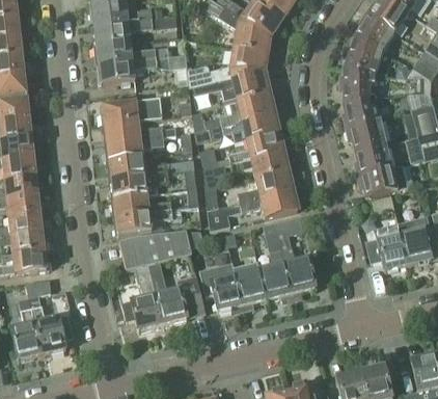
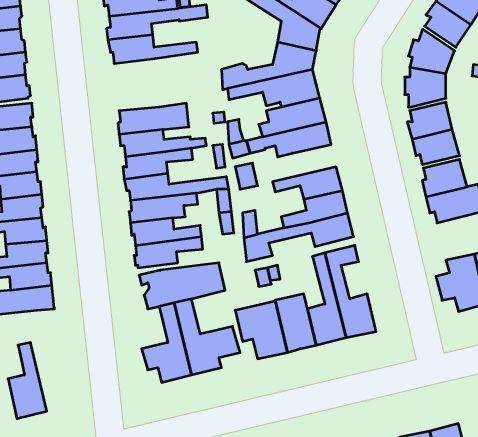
building: [98,54,186,84] -> none
building: [228,132,283,163] -> none
building: [25,280,66,354] -> none

